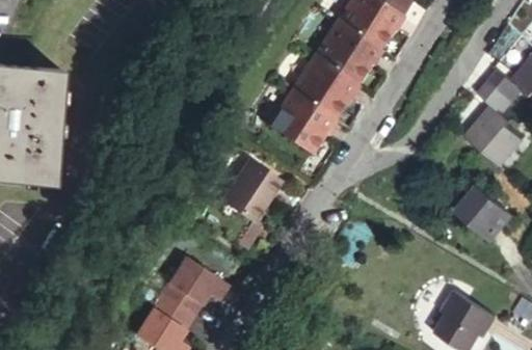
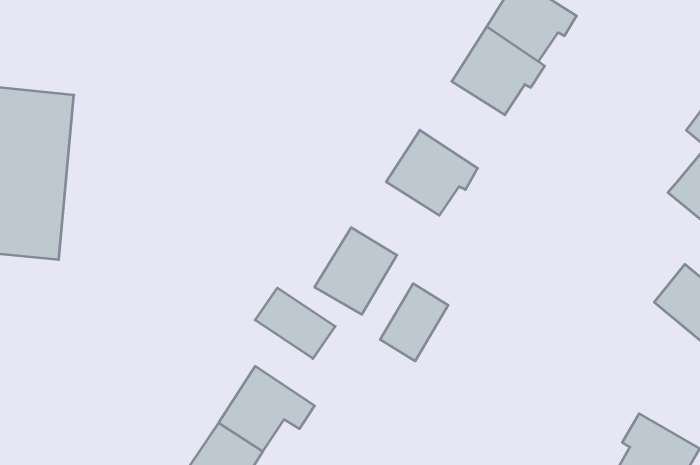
building: [298,62,356,122] -> none
building: none -> [380,284,448,361]
building: none -> [255,288,335,359]

